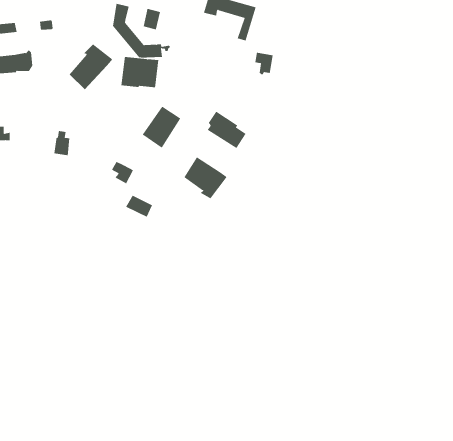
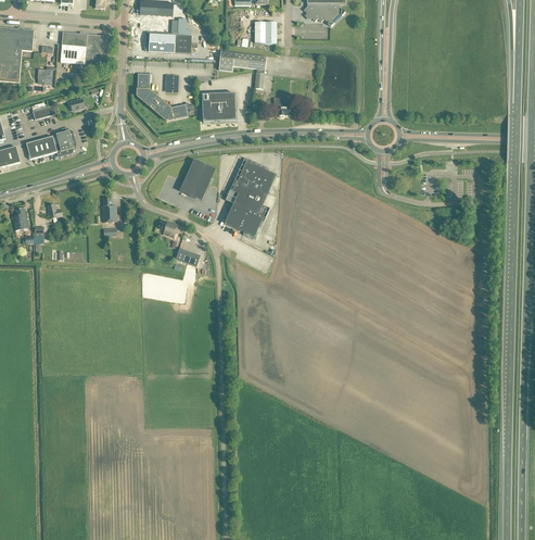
building: [69,43,113,90] -> none
building: [121,56,159,88] -> [201,91,234,121]
building: none -> [231,175,269,212]

